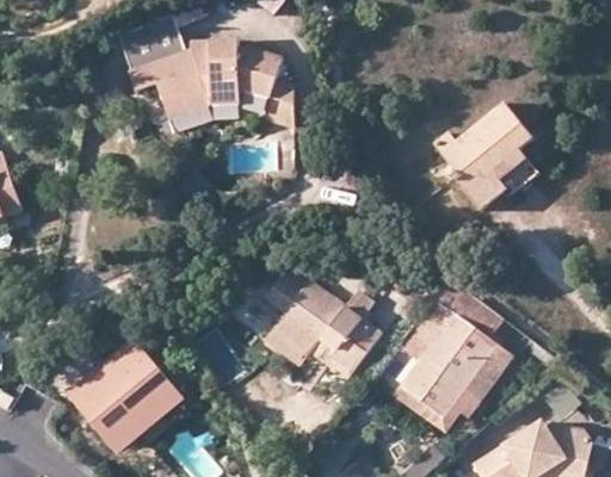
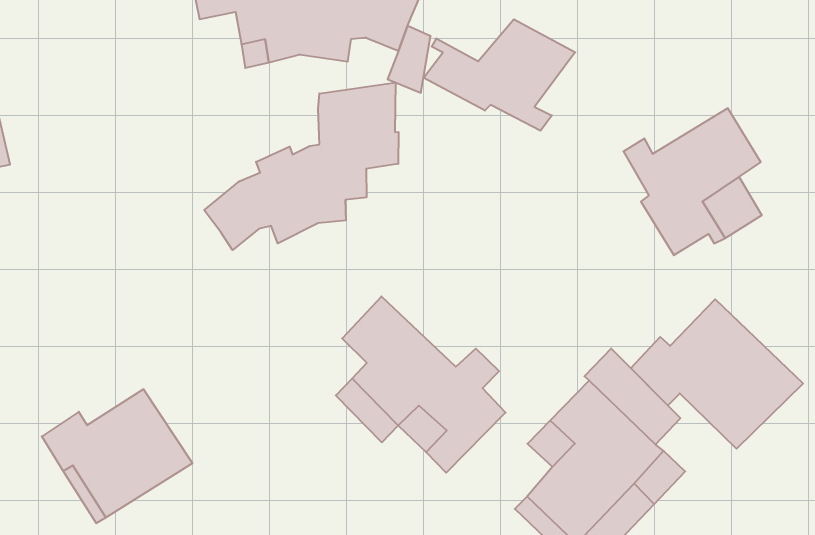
building: none -> [423,19,575,131]
building: none -> [204,82,398,250]
building: none -> [631,299,803,449]

